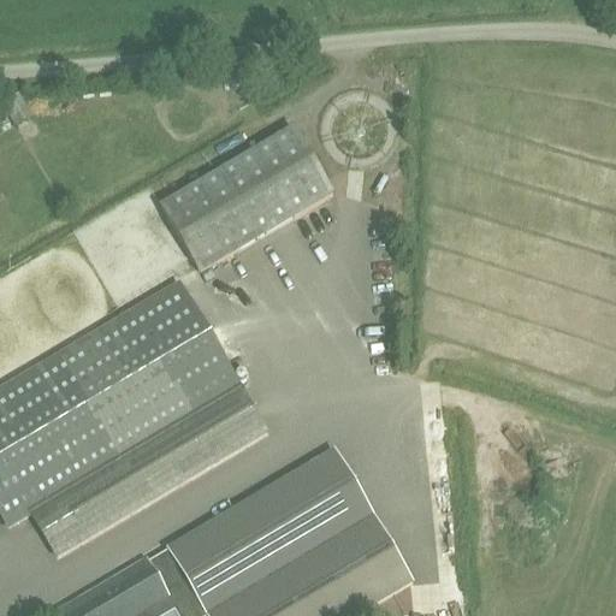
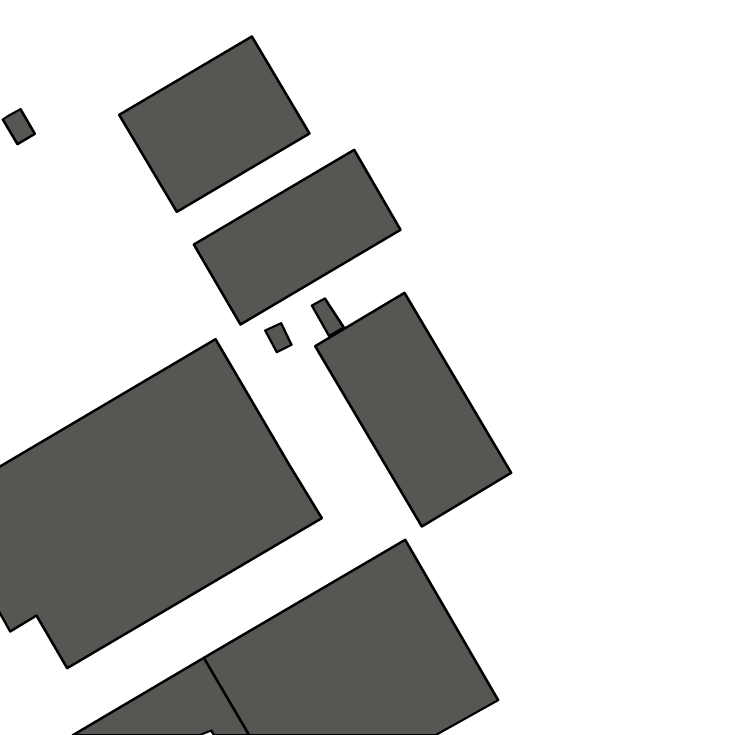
building: none -> [119,37,310,212]
building: none -> [315,293,511,526]

